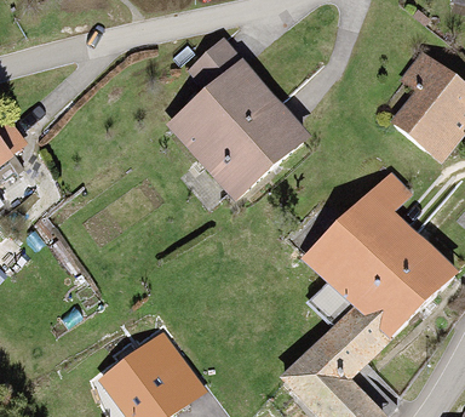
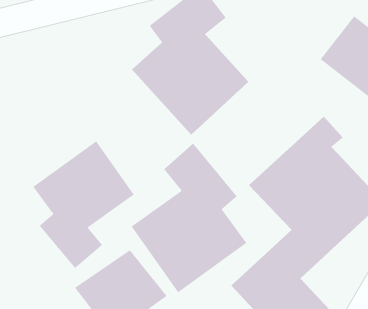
building: none -> [33,140,134,269]
building: none -> [131,143,247,293]

